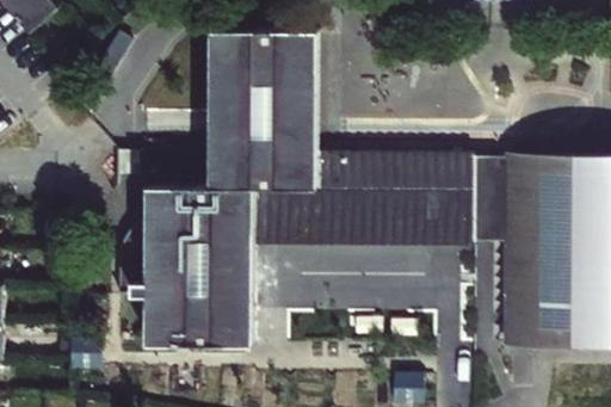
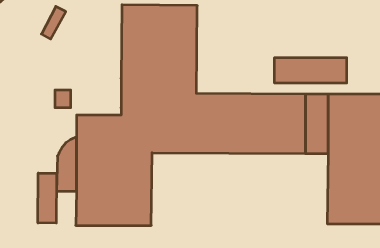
building: none -> [275,58,347,83]
building: none -> [38,173,57,223]

